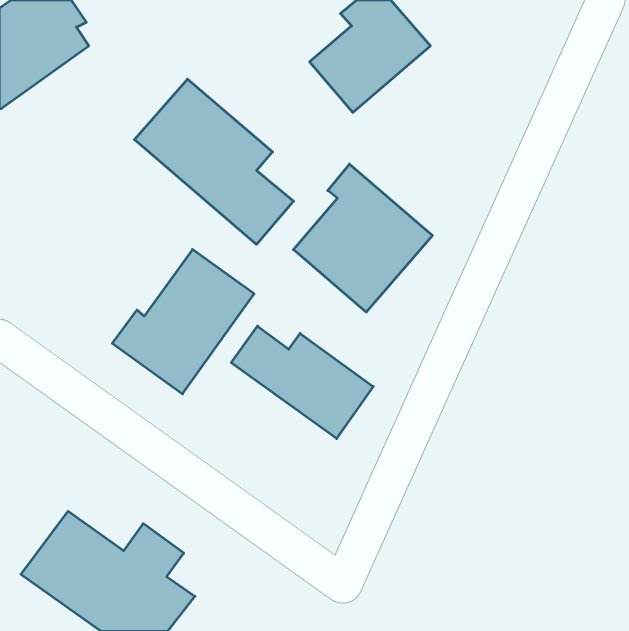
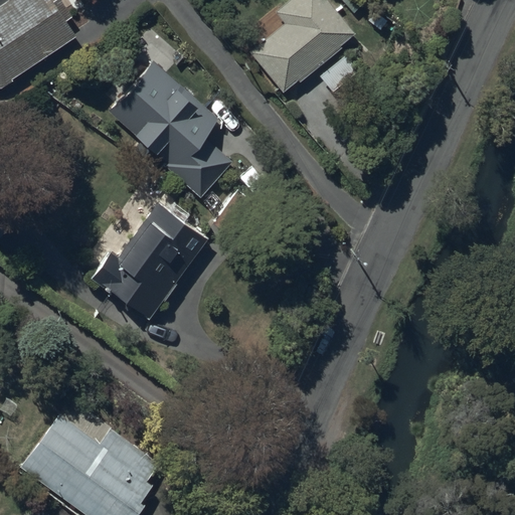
building: [293,164,432,312] -> none
building: [231,326,373,439] -> none

